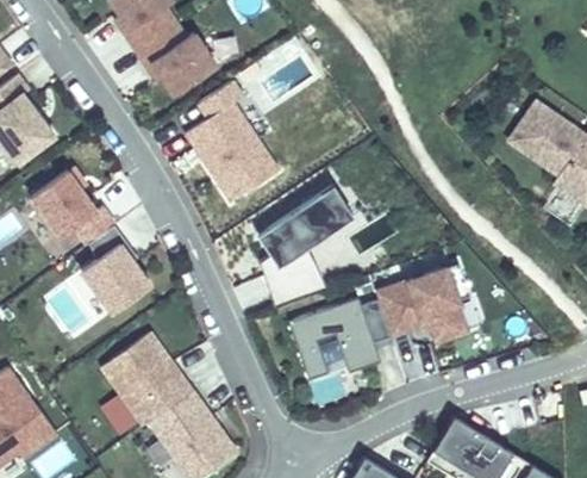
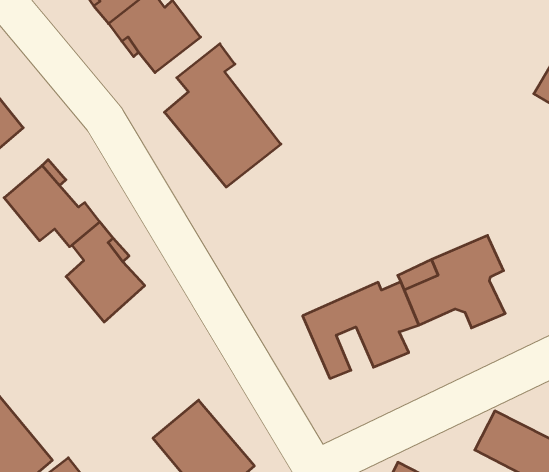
building: [255,176,360,303] -> none
building: [102,333,192,426] -> none

